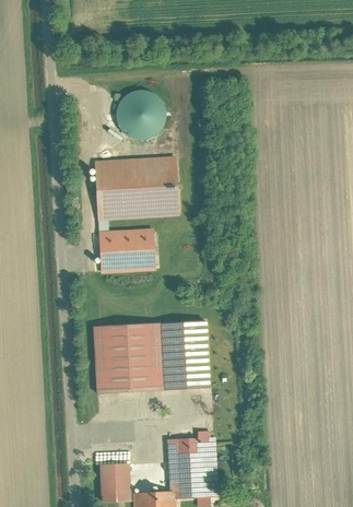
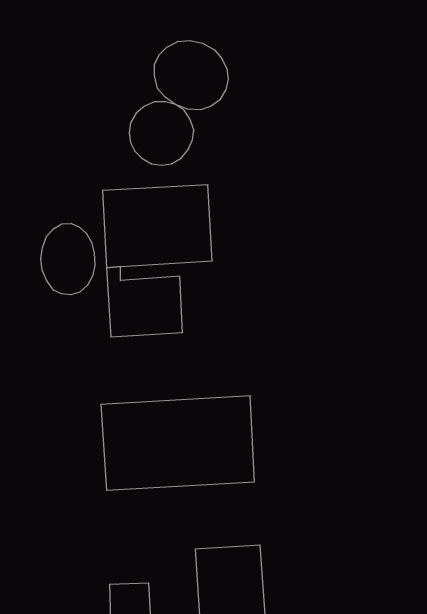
building: none -> [154,41,228,110]
building: none -> [41,223,95,295]

